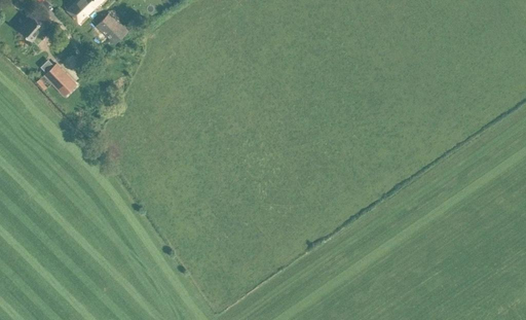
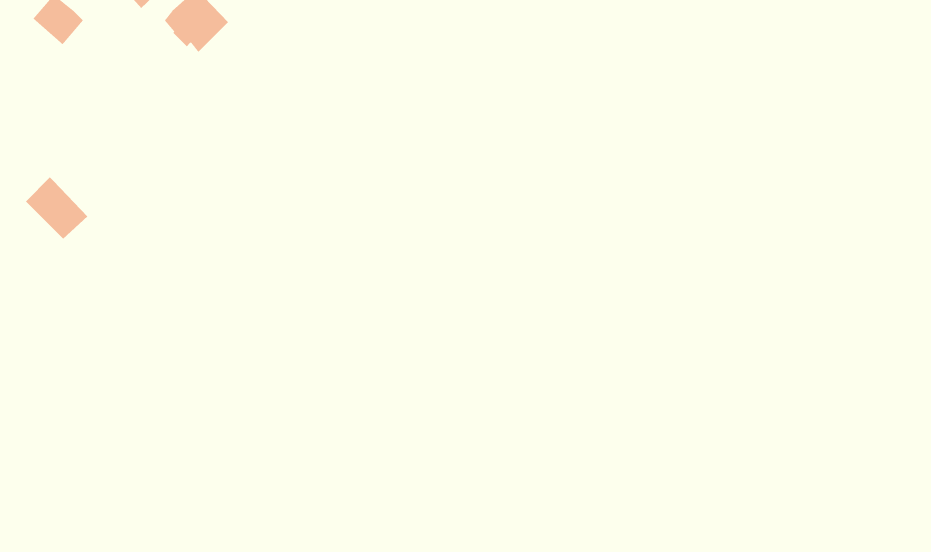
building: [44,59,78,93] -> [25,177,88,240]

